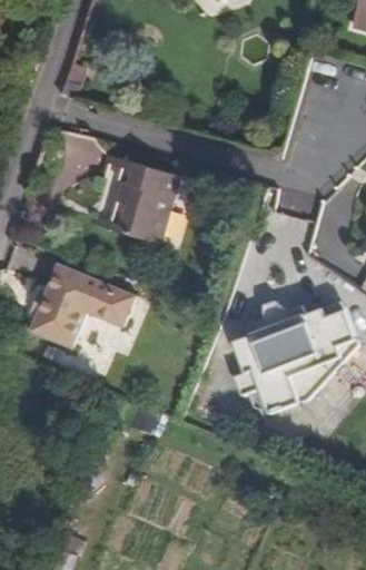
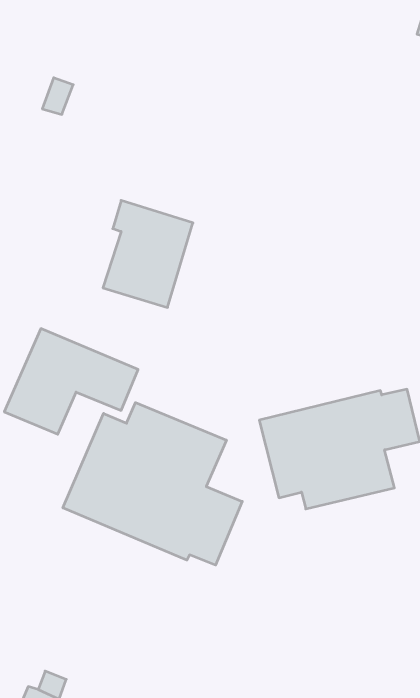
building: none -> [63,403,242,565]

